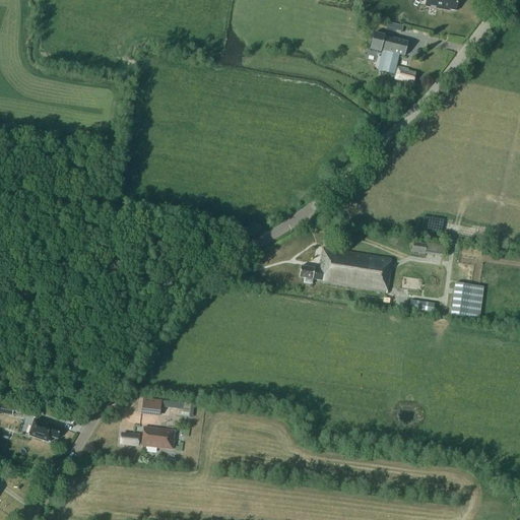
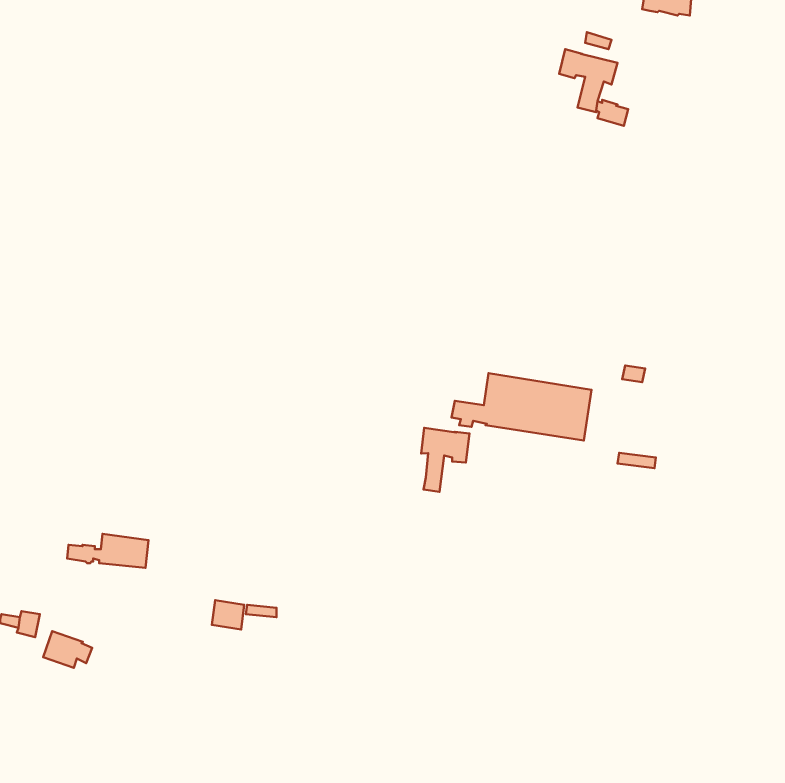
building: [451,281,482,317] -> none
building: none -> [421,428,470,492]
building: [120,427,174,449] -> [67,534,148,568]

